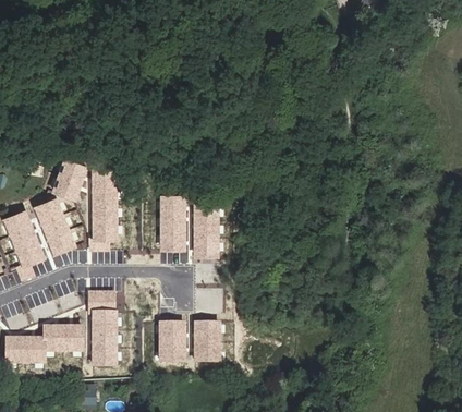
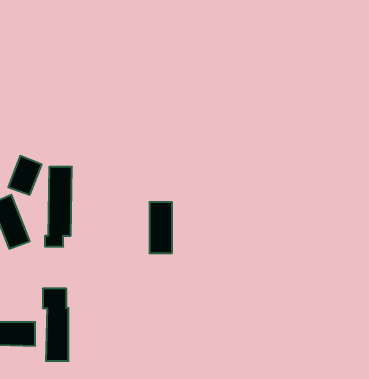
building: [162,197,185,250] -> none
building: [159,323,183,361] -> none
building: [194,324,218,361] -> none

